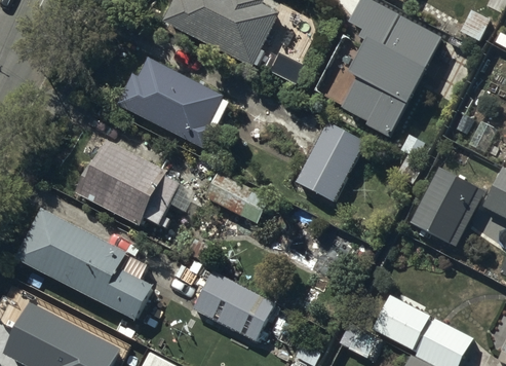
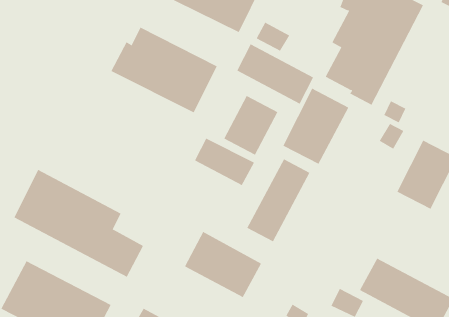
building: none -> [236,44,314,104]
building: none -> [223,95,278,155]
building: [72,143,178,227] -> none
building: none -> [247,159,310,242]

